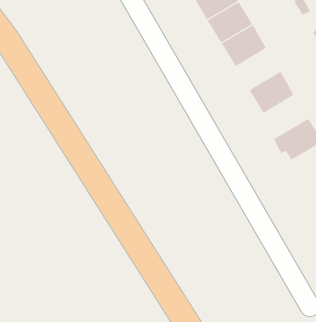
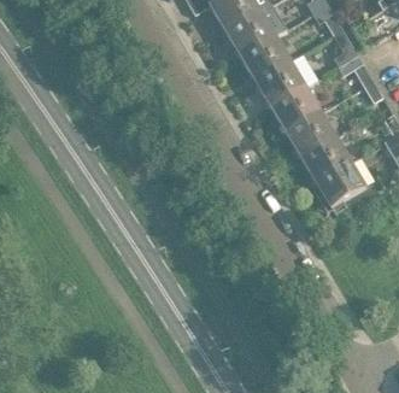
building: none -> [271,84,321,130]
building: none -> [301,135,351,183]

